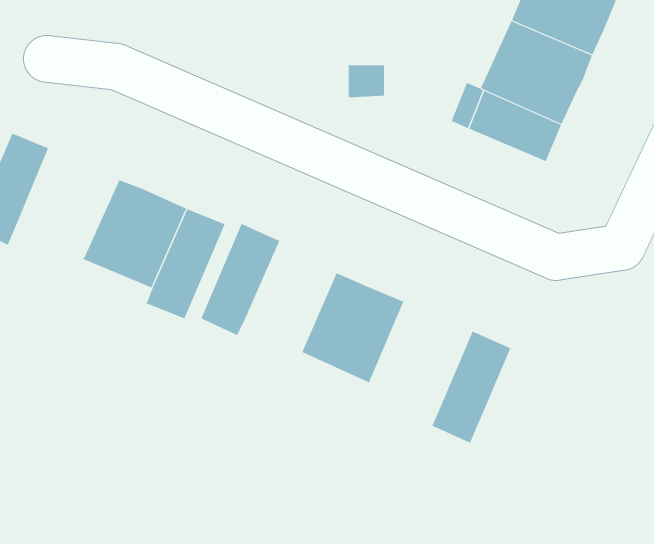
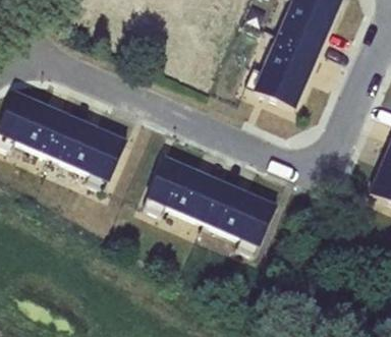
building: none -> [16,100,70,158]
building: [200,223,280,336] -> [143,156,184,215]
building: none -> [202,180,256,238]

